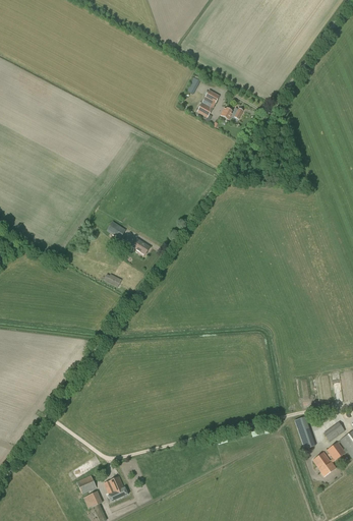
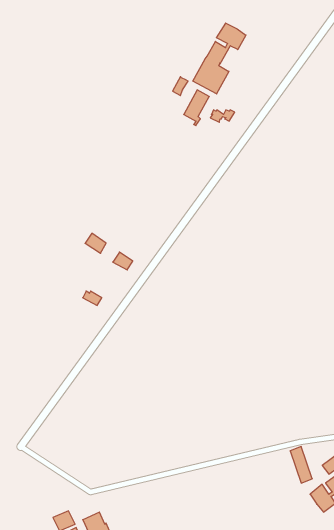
building: none -> [193,23,246,94]

